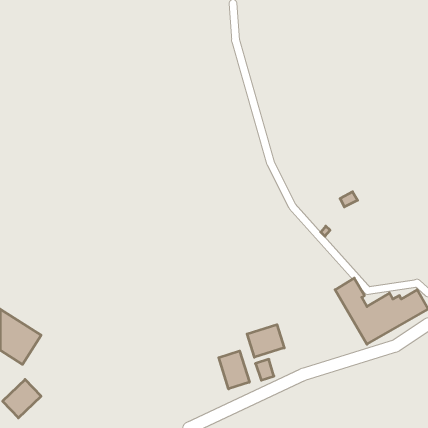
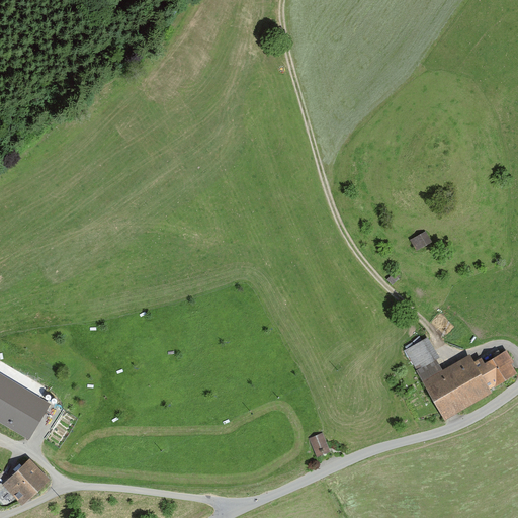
building: [247,325,284,357] -> none
building: [219,351,249,389] -> none

